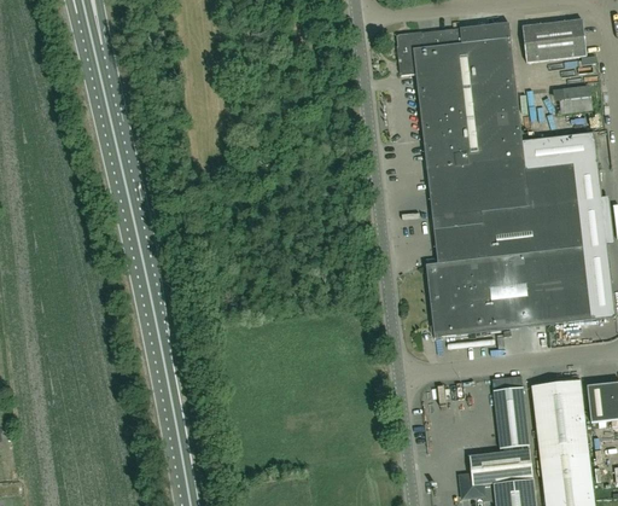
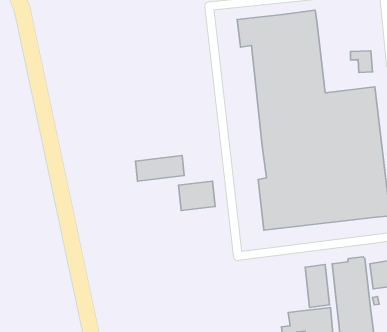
building: [523,18,587,62] -> none
building: none -> [136,155,184,181]
building: none -> [179,181,215,210]

